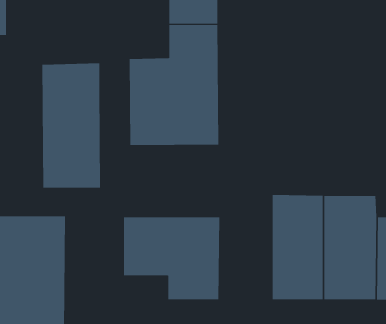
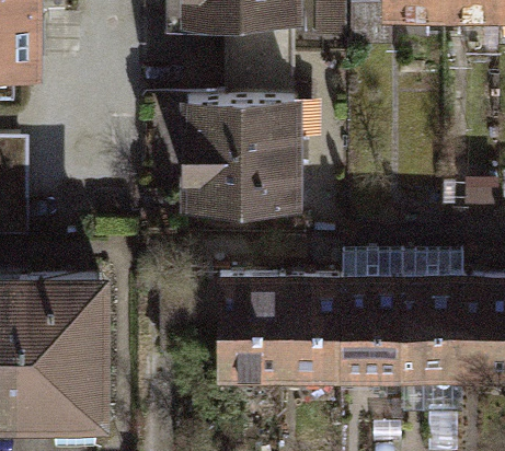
building: [42,62,101,189] -> none
building: none -> [287,286,349,384]

